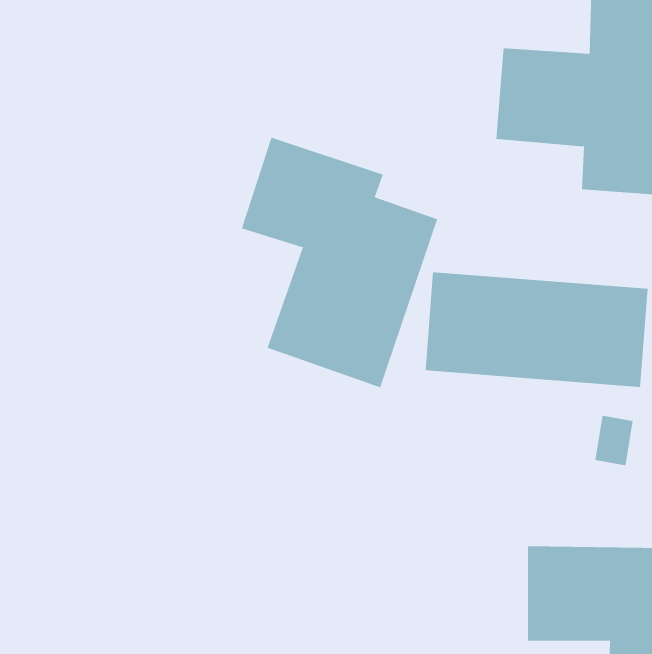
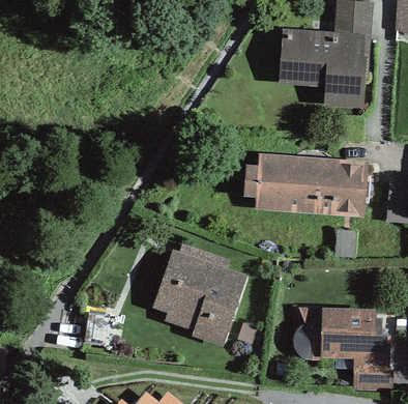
building: [241,137,438,388] -> none
building: none -> [151,240,246,339]

